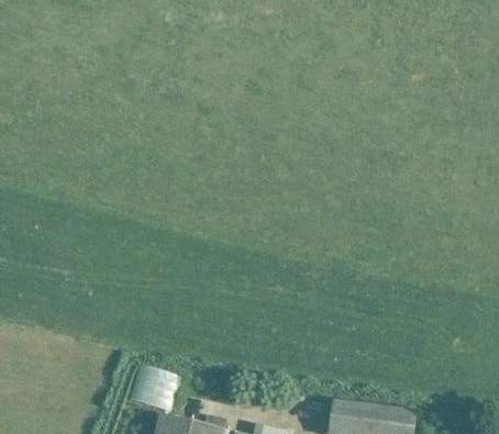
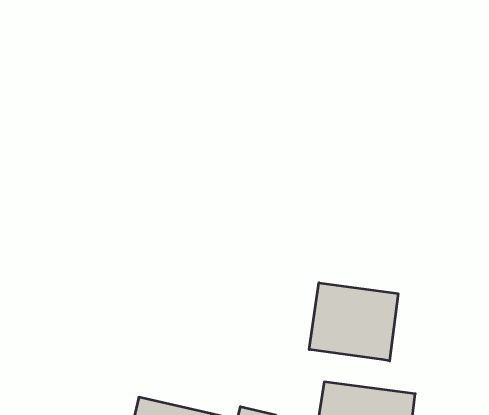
building: none -> [309,283,398,361]

